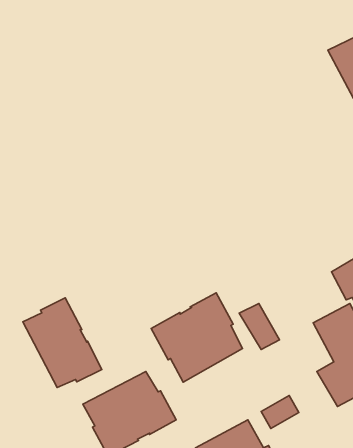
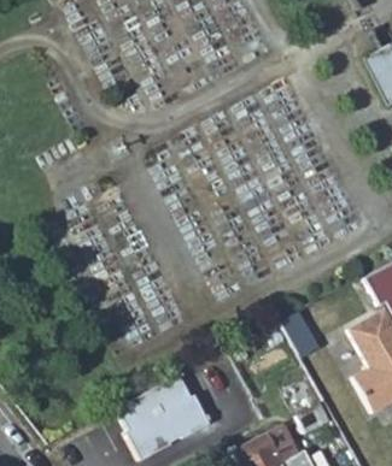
building: [151,293,243,382] -> none
building: [23,298,102,387] -> none

